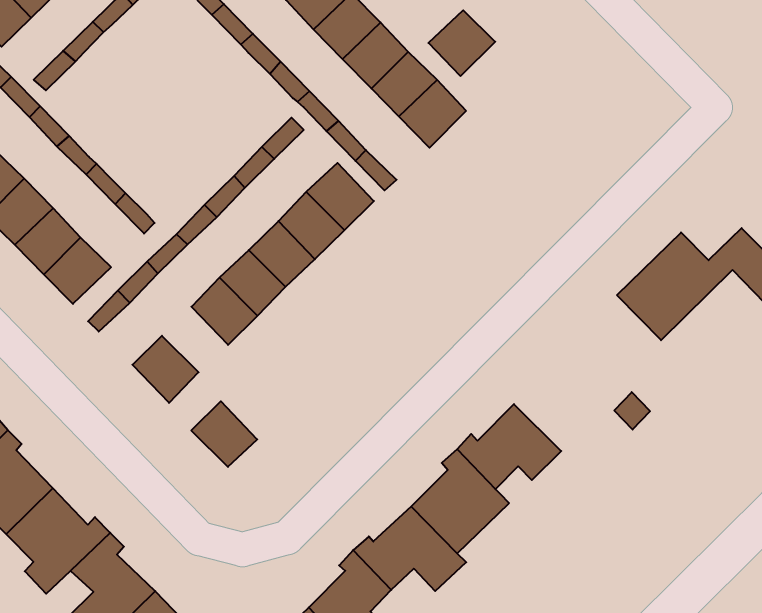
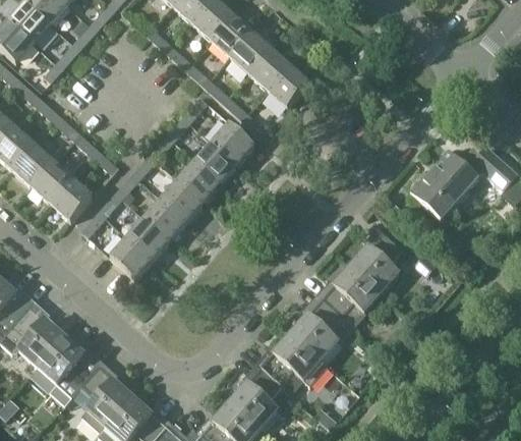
building: [428,10,495,76] -> none
building: none -> [350,226,403,292]
building: [191,401,257,467] -> [127,217,169,258]

